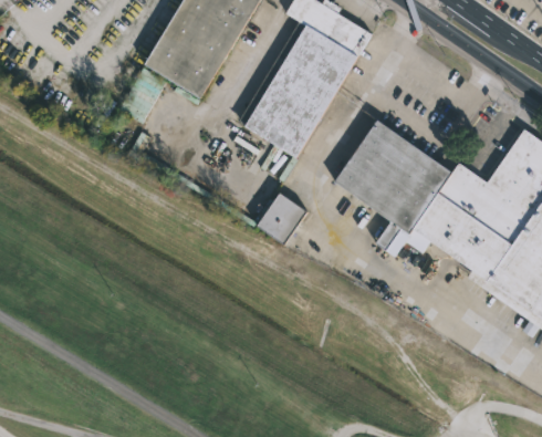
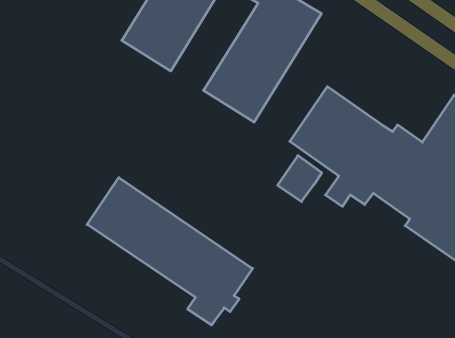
building: [256,193,306,246] -> [278,156,322,202]
building: none -> [87,178,253,325]

